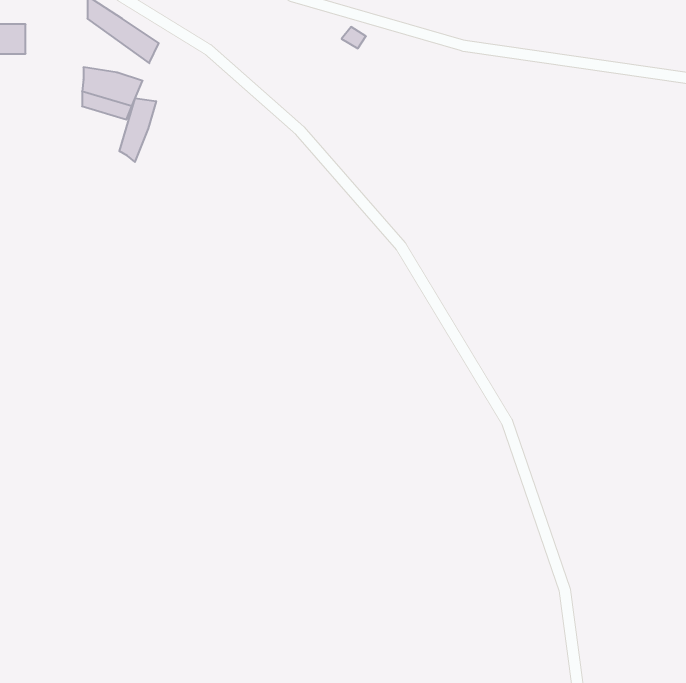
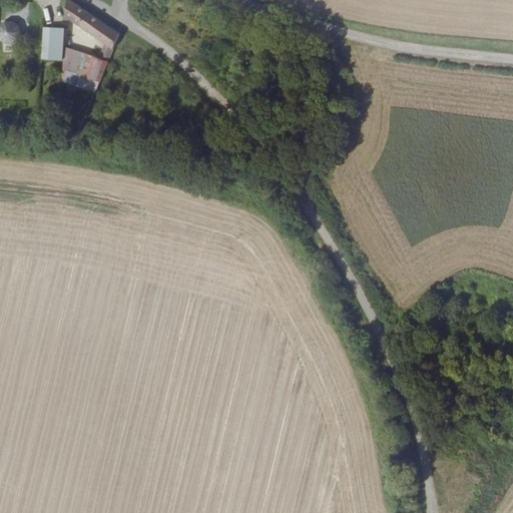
building: none -> [40,27,64,59]
building: [119,98,156,162] -> none

